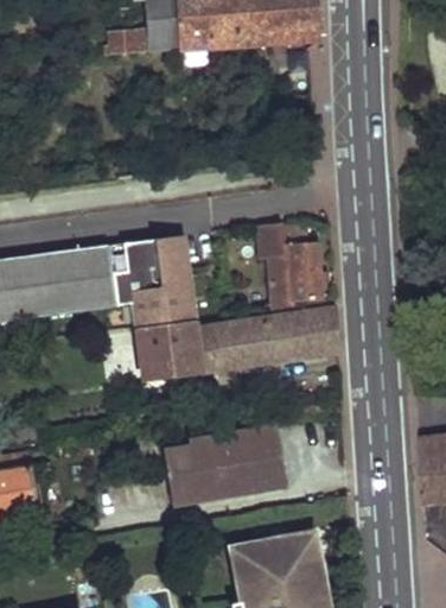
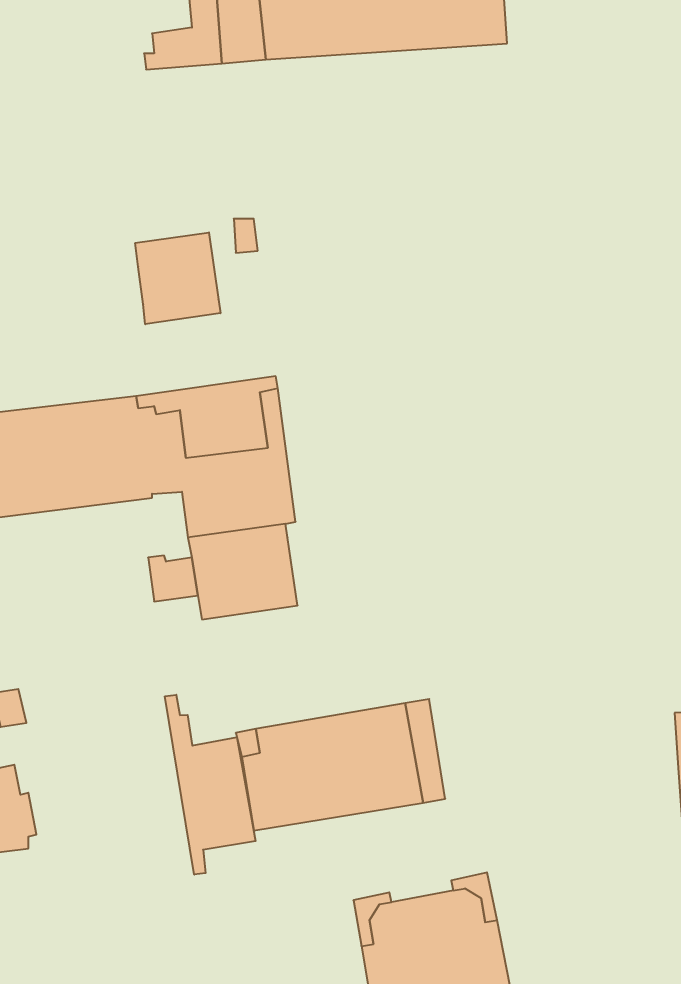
building: none -> [135,232,220,324]
building: [268,224,321,311] -> none
building: [190,309,338,372] -> none
building: none -> [165,695,256,875]

